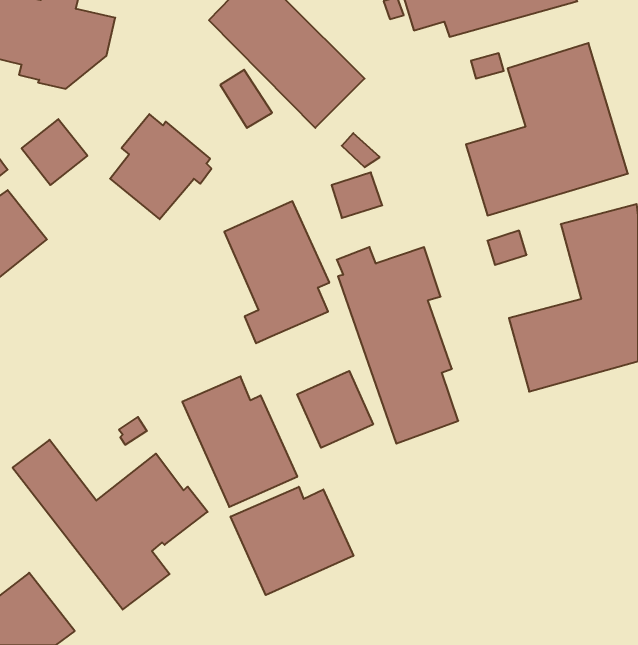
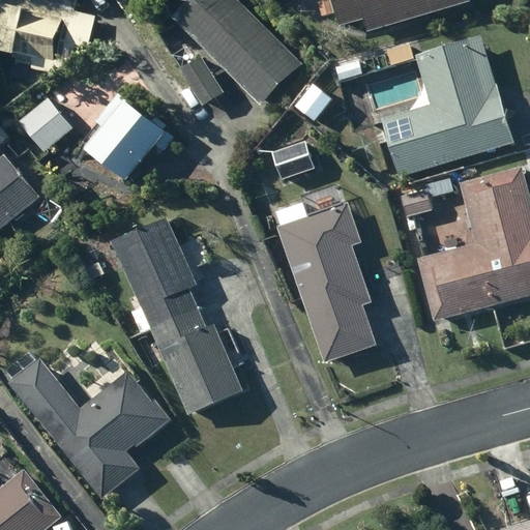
building: [224,201,329,343] -> [112,217,198,333]
building: [297,371,373,448] -> none
building: [231,487,353,595] -> none

